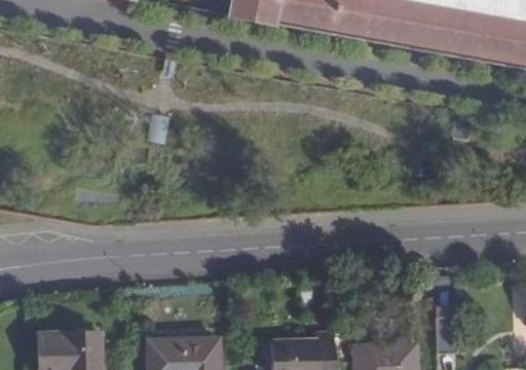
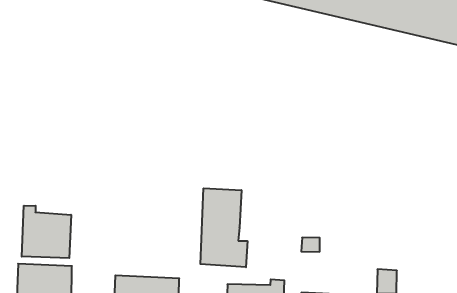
building: none -> [200,188,247,267]
building: none -> [22,206,71,258]

